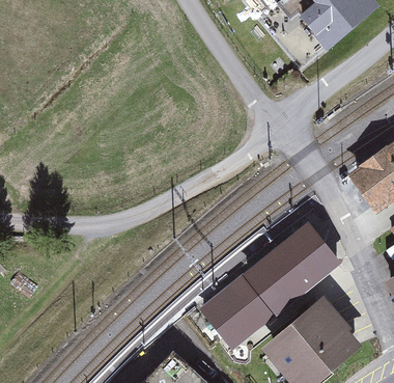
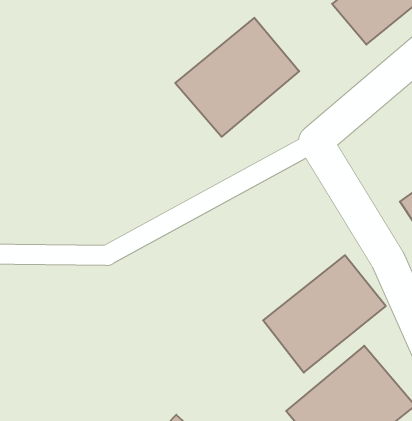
building: none -> [175,18,299,137]
building: [198,274,275,351] -> none

